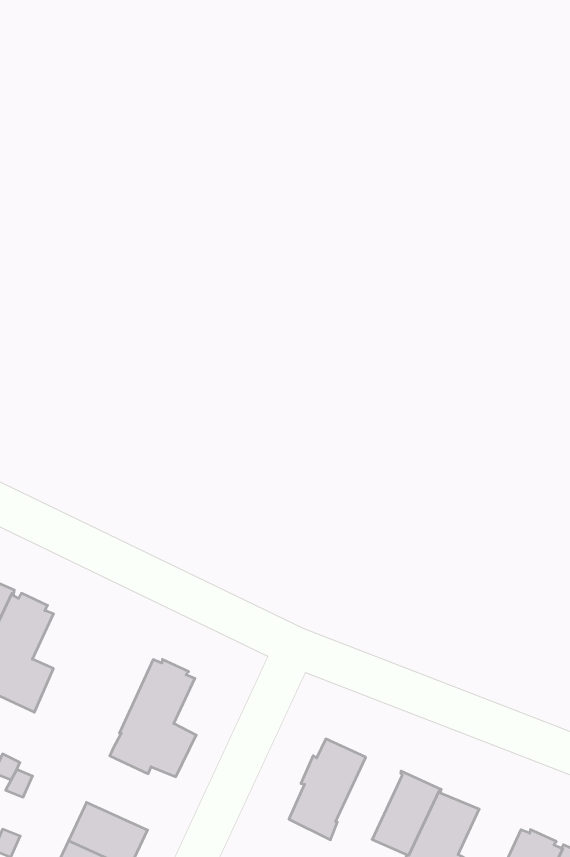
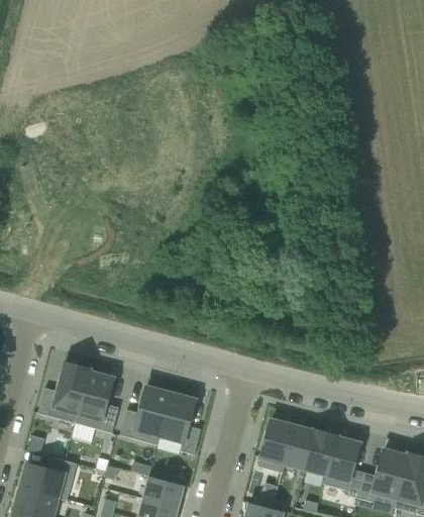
building: none -> [120,386,171,444]
building: none -> [284,425,315,469]

